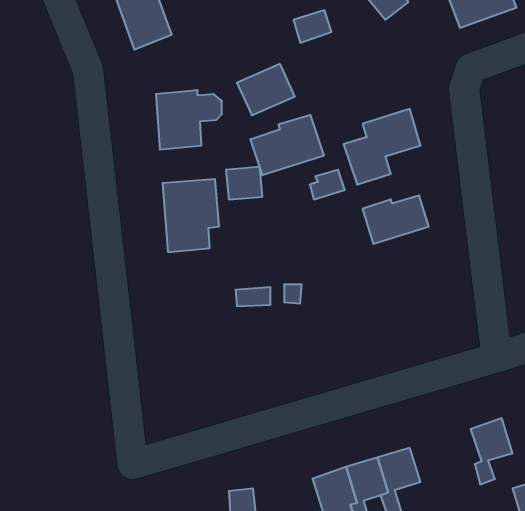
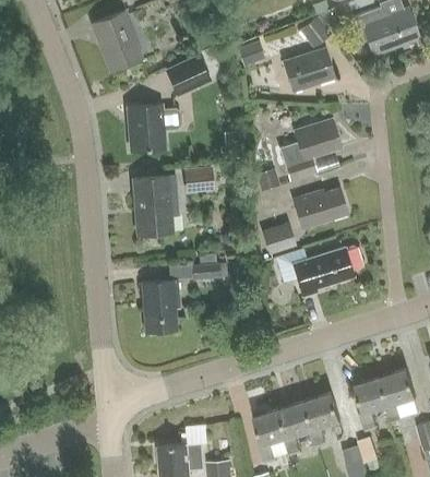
building: none -> [283,48,335,92]
building: [237,64,295,115] -> [164,53,211,95]
building: [250,115,324,175] -> none
building: none -> [261,222,295,254]
building: none -> [292,246,360,296]
building: none -> [142,279,180,333]
building: none -> [354,378,390,432]

